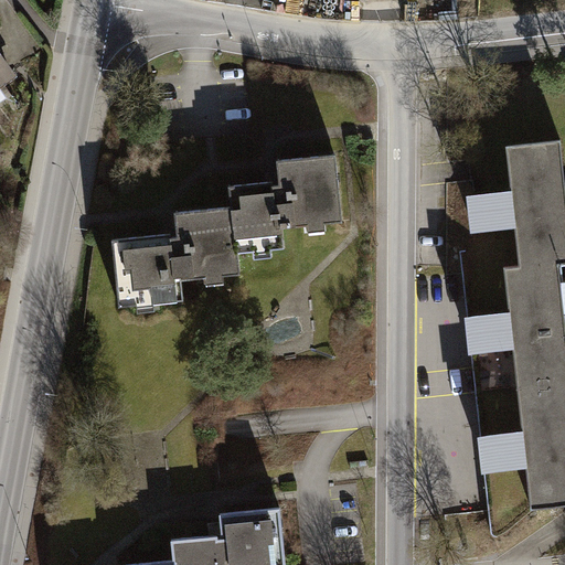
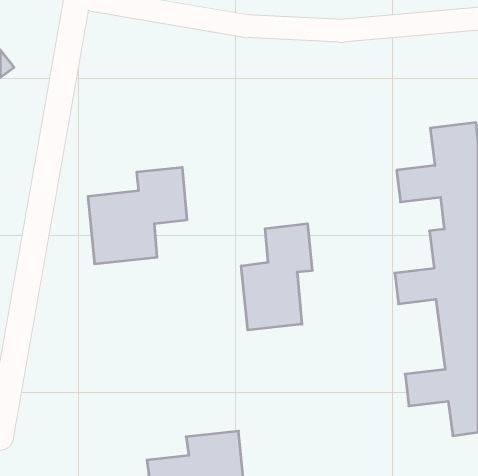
building: [213,148,338,262] -> none
building: none -> [241,224,312,330]

